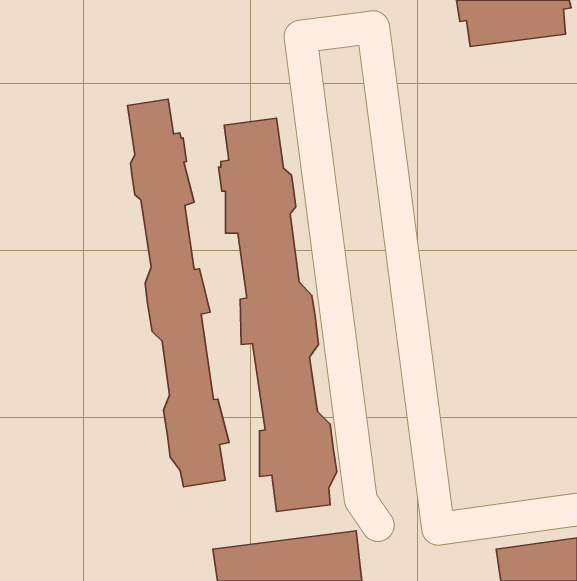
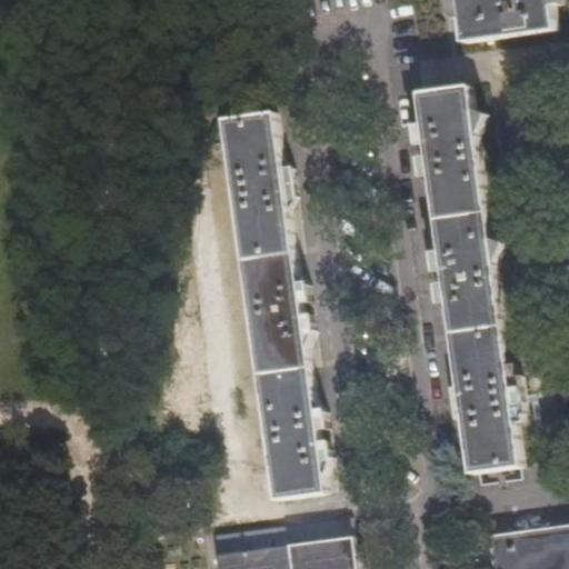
building: none -> [407,90,521,472]
building: [127,99,229,487] -> none

